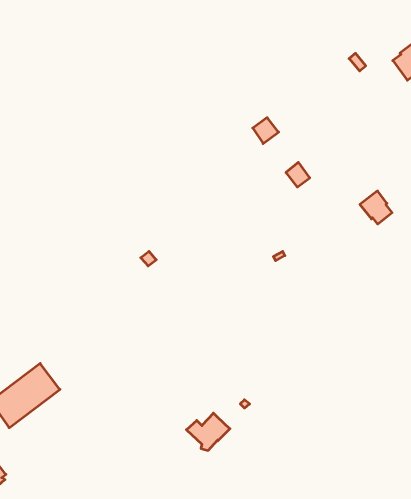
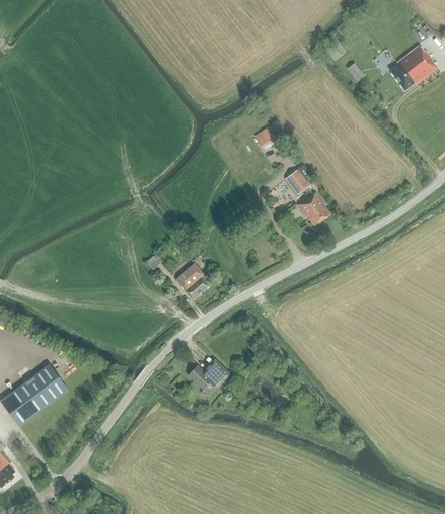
building: [360,191,392,224] -> [298,192,329,224]
building: none -> [176,263,209,298]
building: [186,413,230,450] -> [188,358,230,395]

